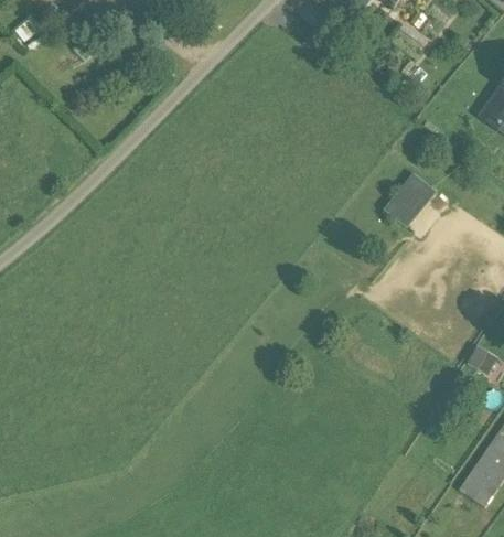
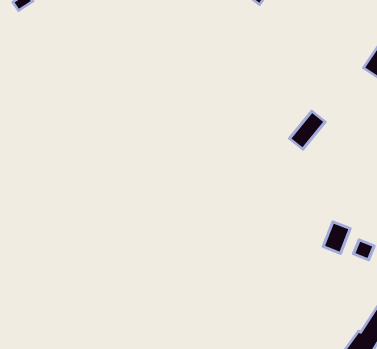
building: none -> [323,222,350,253]

